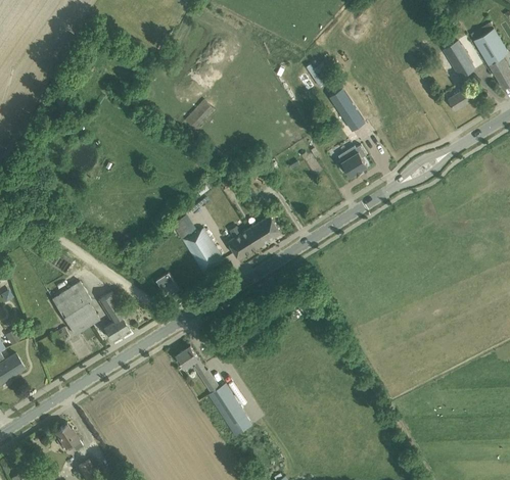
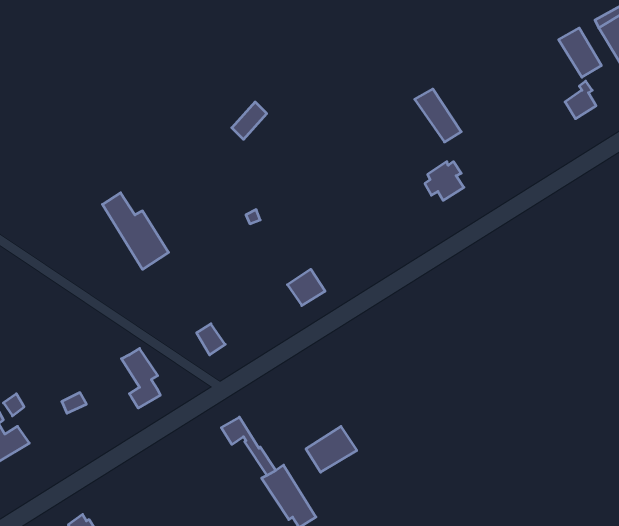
building: [172,214,224,275] -> [102,193,169,269]
building: [246,215,281,248] -> none
building: [51,282,99,335] -> none
building: none -> [306,426,357,472]

